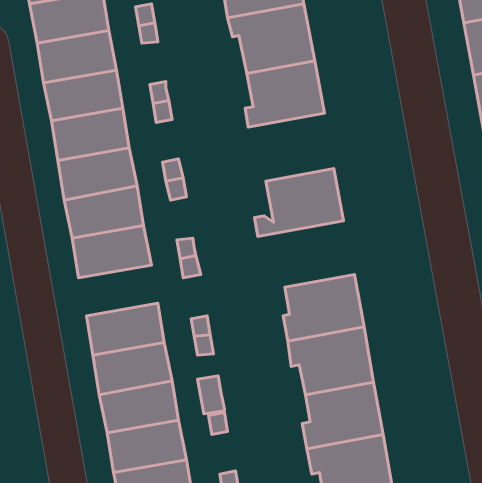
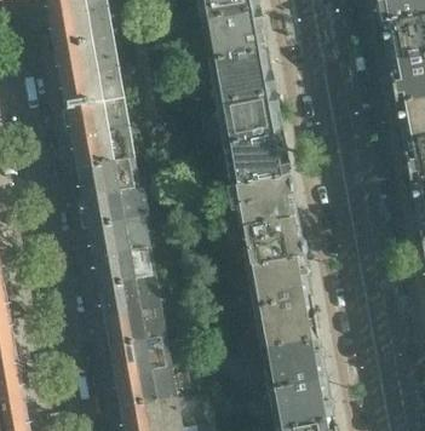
building: none -> [223,130,288,182]
building: none -> [230,212,304,264]
building: none -> [93,246,154,285]

